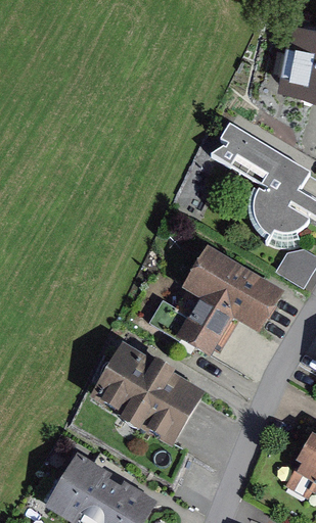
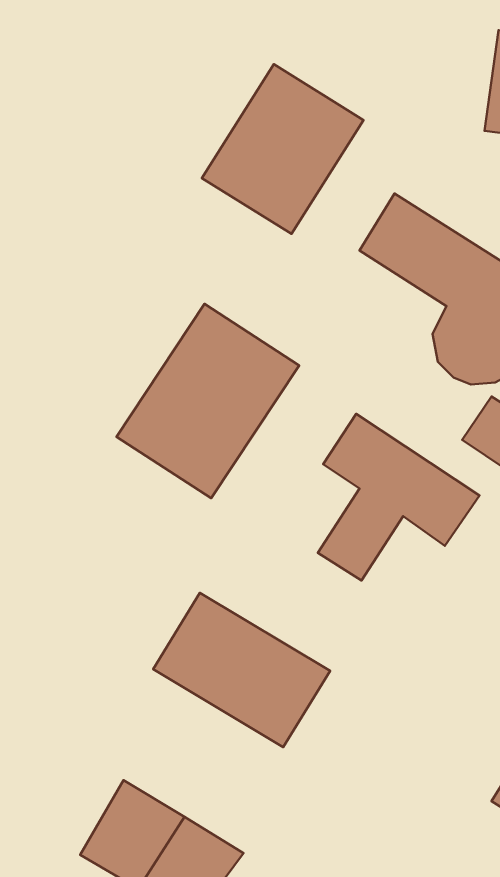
building: none -> [202,64,364,234]
building: none -> [117,304,299,498]

